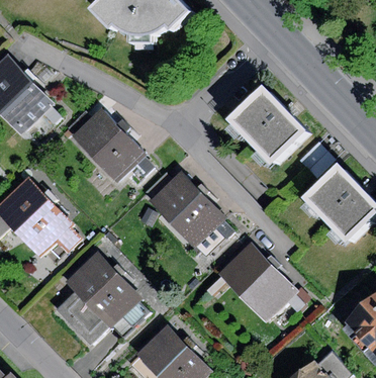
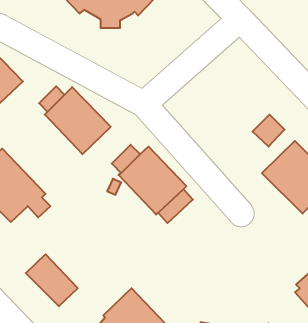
building: [231,90,309,167] -> none
building: [218,243,296,320] -> none
building: [67,253,142,327] -> none

